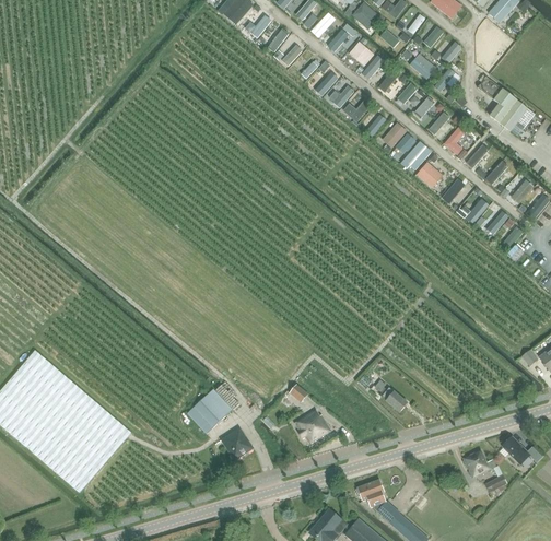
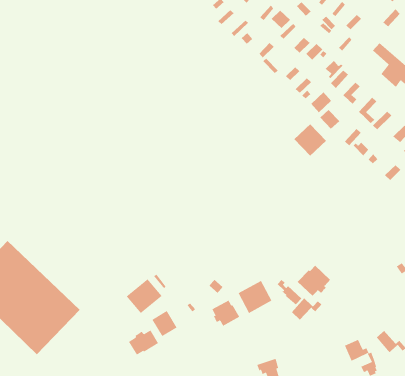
building: none -> [293,123,327,156]
building: none -> [297,265,331,297]
building: none -> [238,280,272,314]
building: none -> [291,298,323,321]
building: none -> [128,330,159,356]

